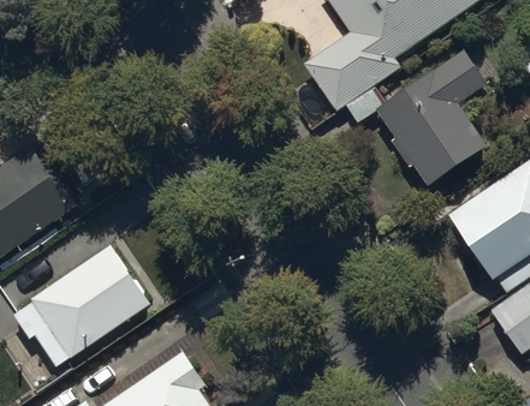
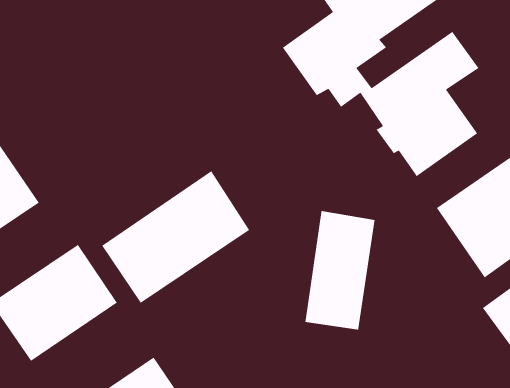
building: none -> [101,170,250,304]
building: none -> [304,210,375,331]

